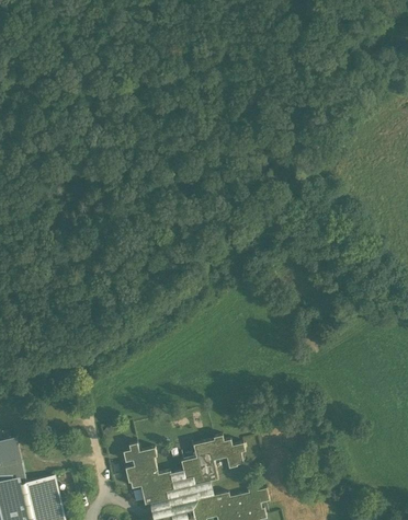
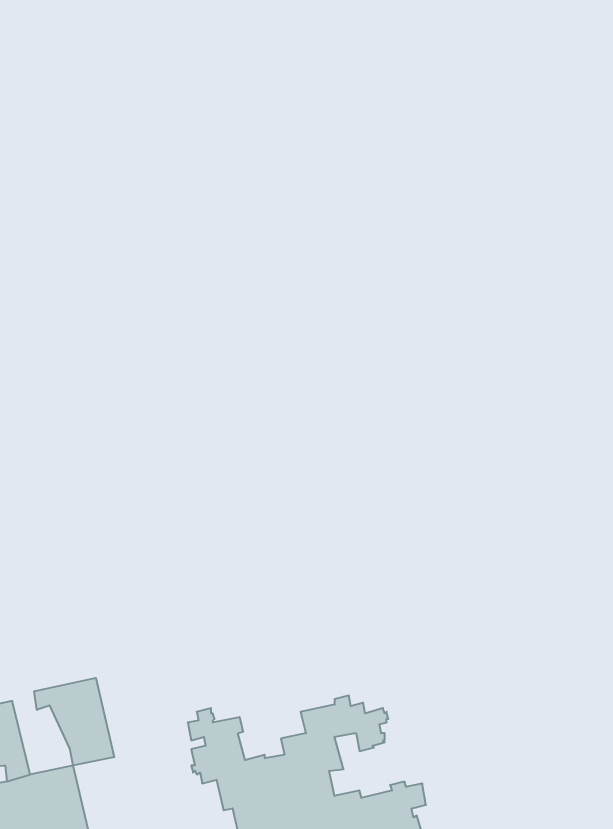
building: none -> [34,678,114,765]

